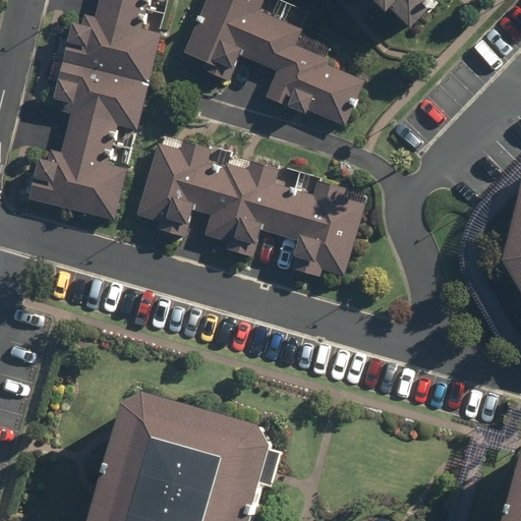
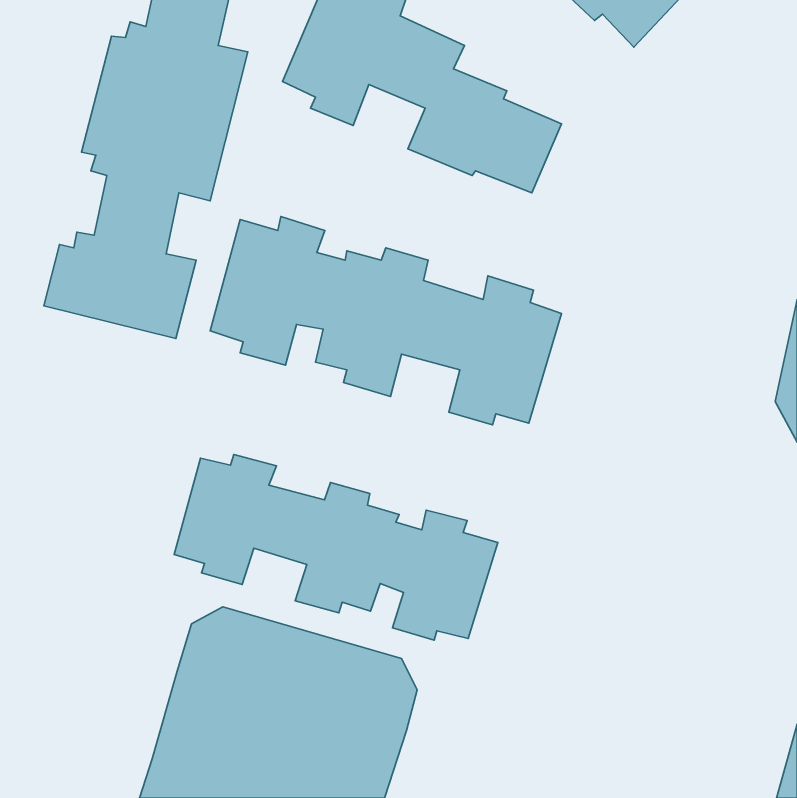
building: none -> [174,454,498,640]

